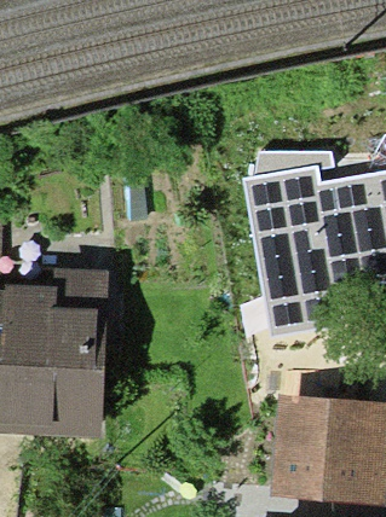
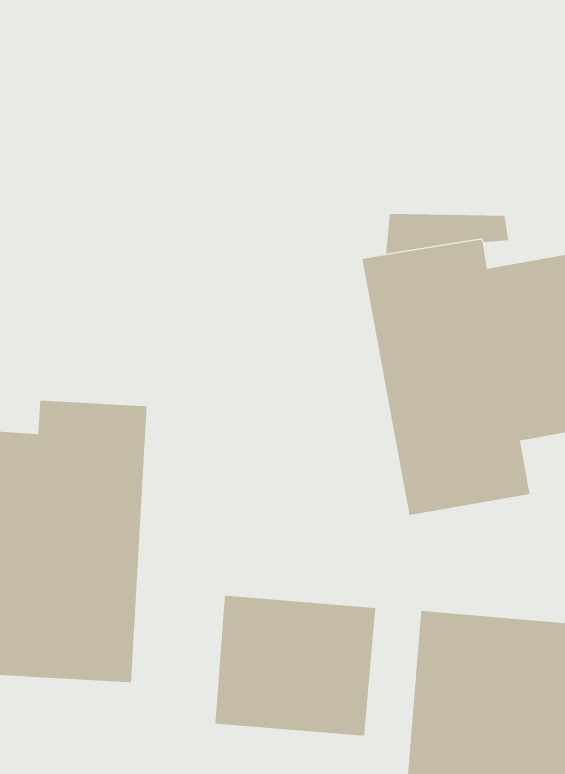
building: none -> [215,595,376,737]

